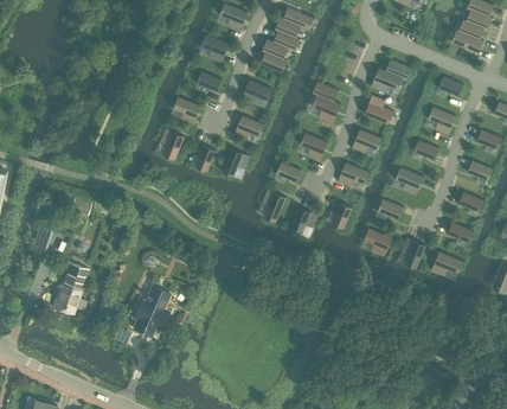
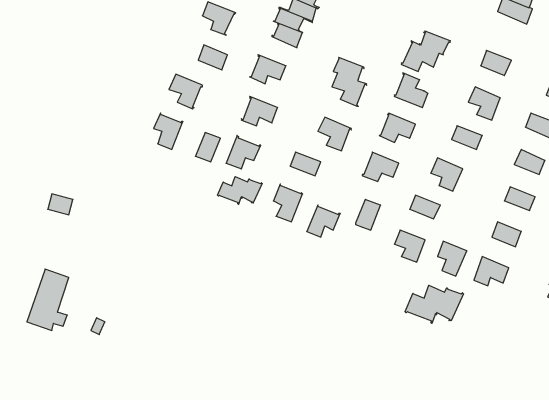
building: none -> [218,177,262,204]
building: none -> [405,285,464,323]
building: [133,285,169,334] -> none

